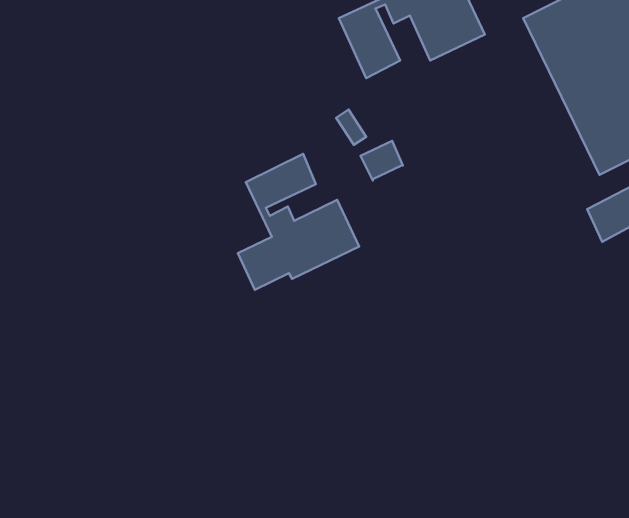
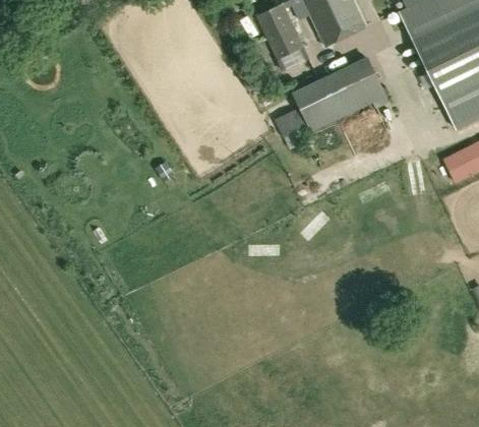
building: none -> [294,57,388,129]
building: [238,154,359,290] -> none

